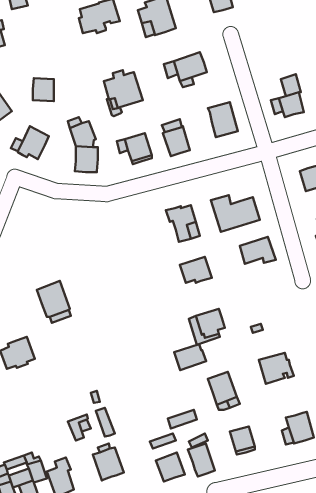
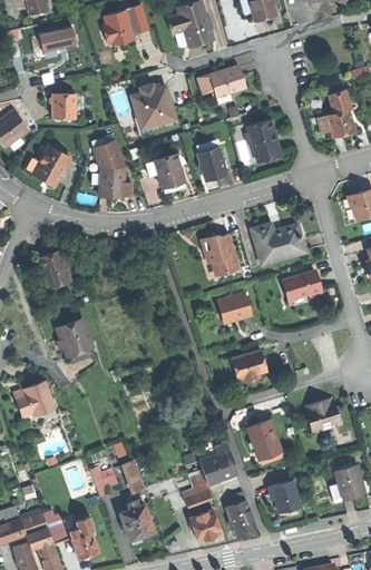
building: none -> [40,28,76,51]
building: none -> [38,250,70,285]
building: [174,344,206,370] -> [196,443,232,472]

